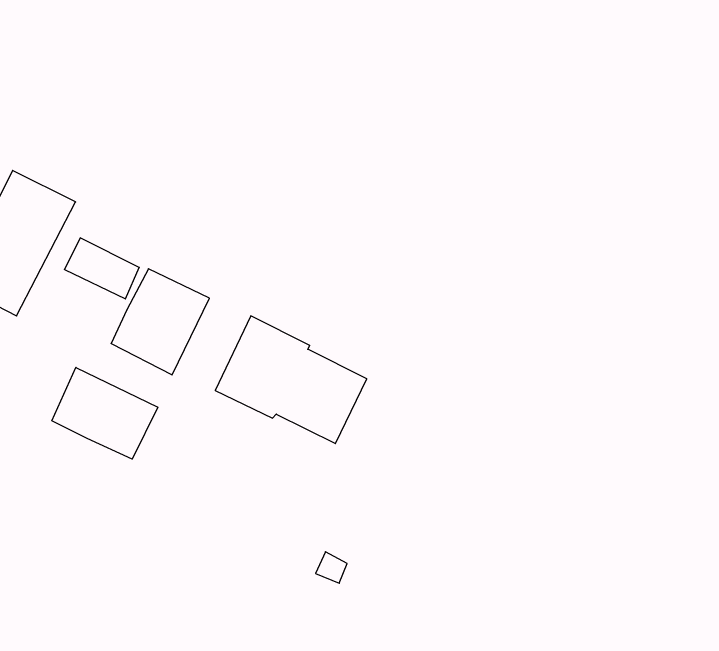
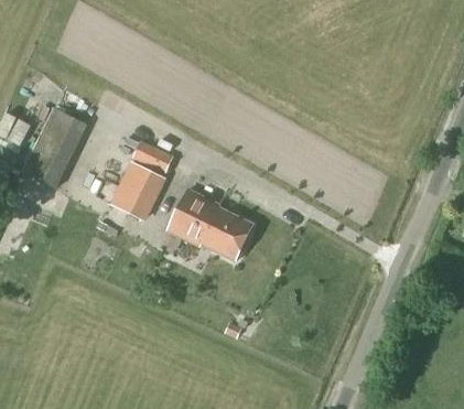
building: [64,238,139,299] -> [130,139,172,173]
building: [52,367,158,459] -> none

